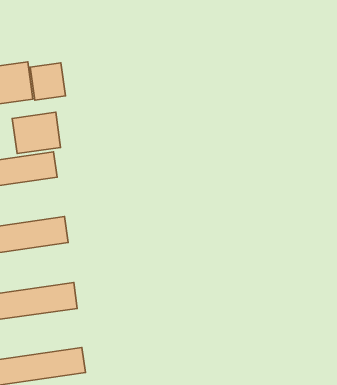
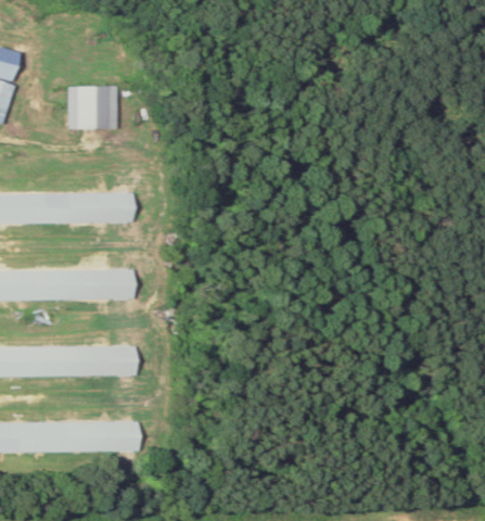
building: [30,63,65,100] -> none
building: [12,112,61,154] -> none

